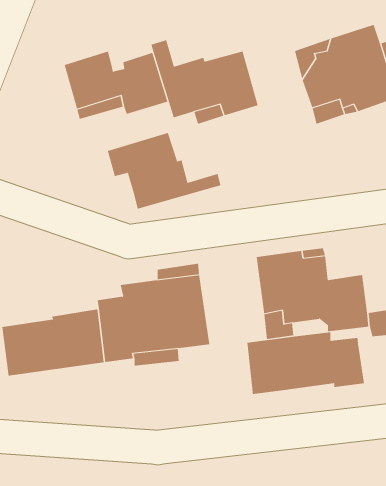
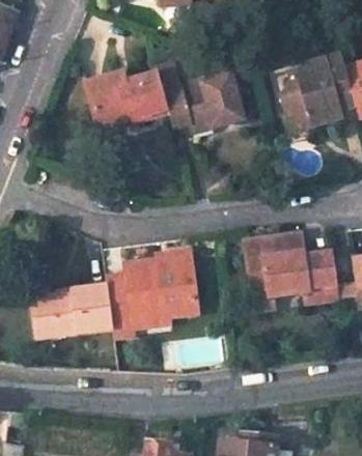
building: [107,132,221,209] -> none
building: [247,331,364,395] -> none

